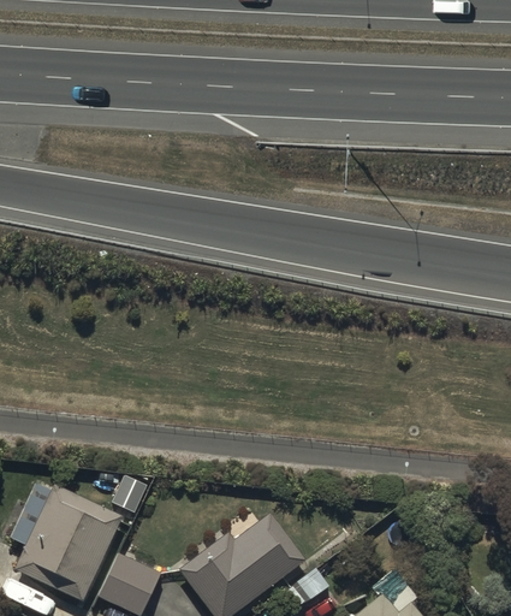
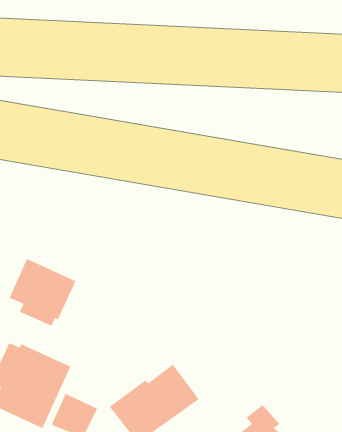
building: none -> [9,258,76,327]

